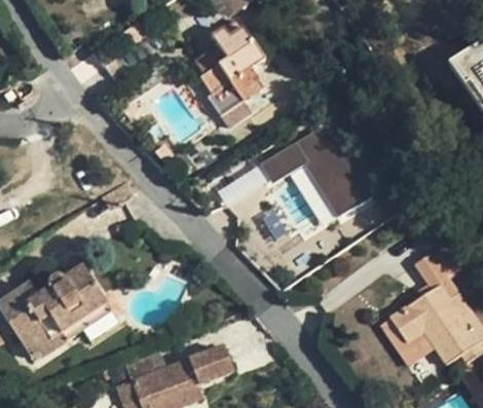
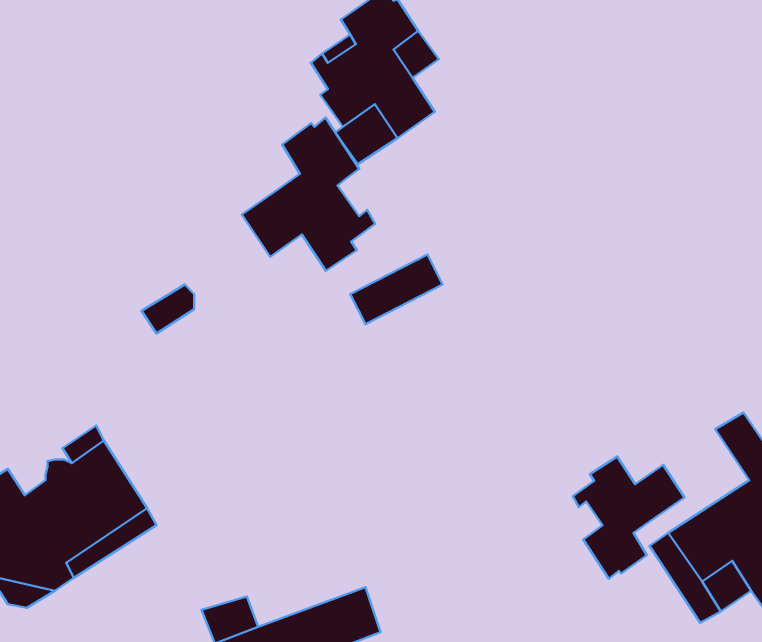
building: none -> [242,118,375,271]
building: [261,122,371,219] -> none
building: none -> [573,456,684,579]

